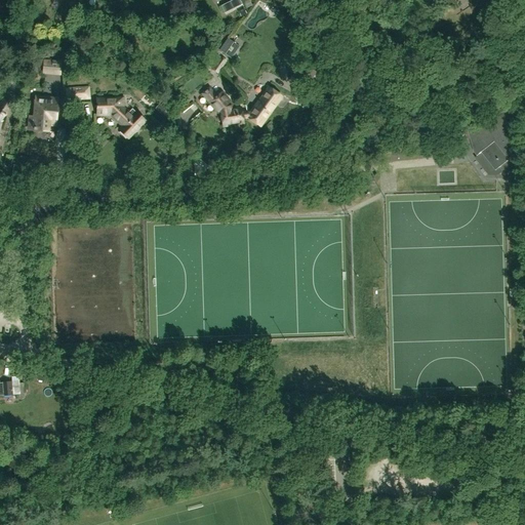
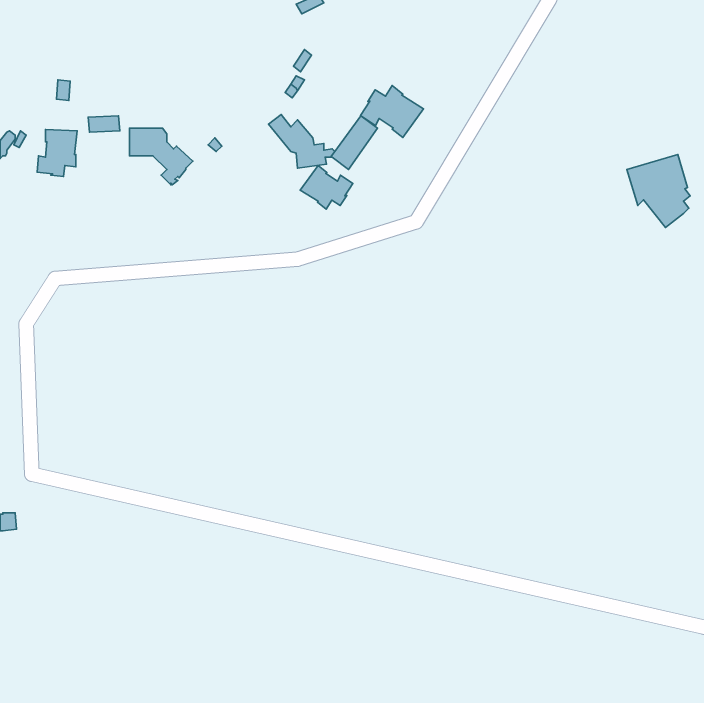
building: none -> [360,86,424,138]
building: none -> [300,166,353,209]

